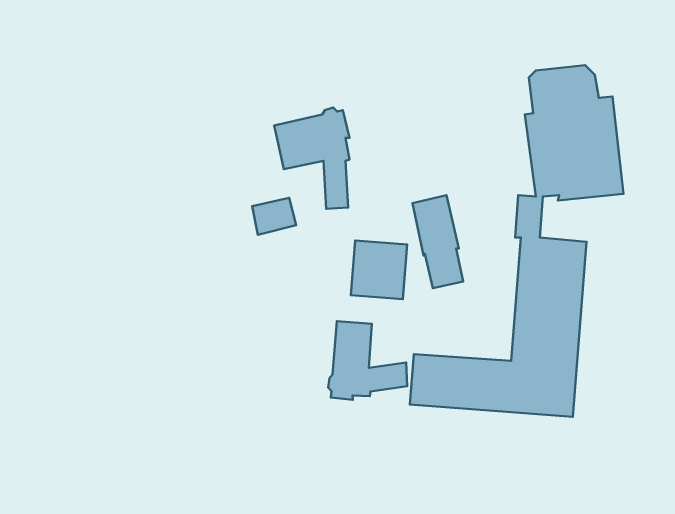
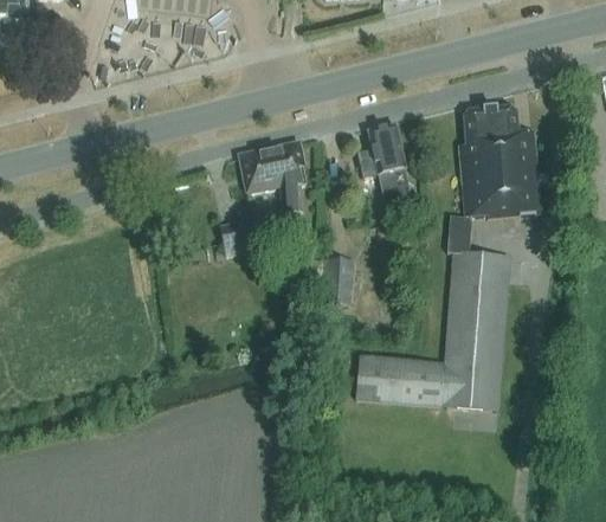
building: [412,195,463,288] -> [366,122,410,202]
building: [328,321,407,400] -> none

